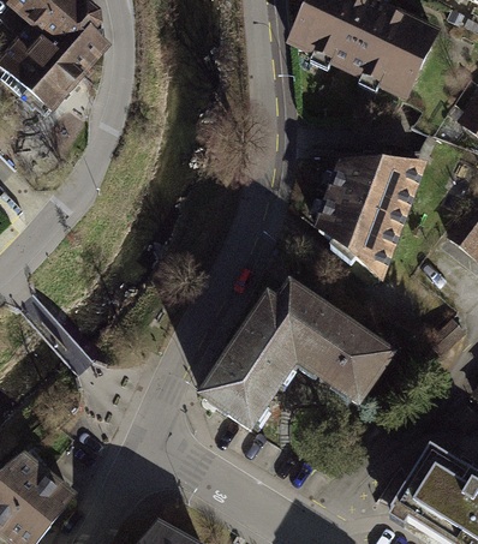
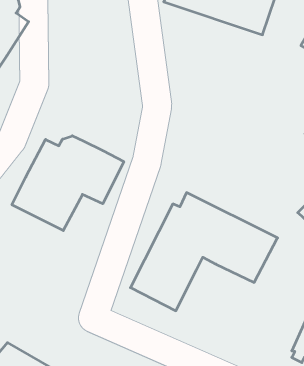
building: [309,157,428,282] -> none
building: none -> [12,136,124,231]

